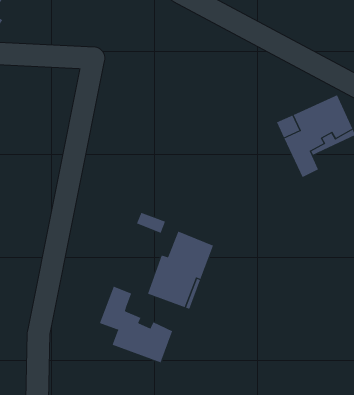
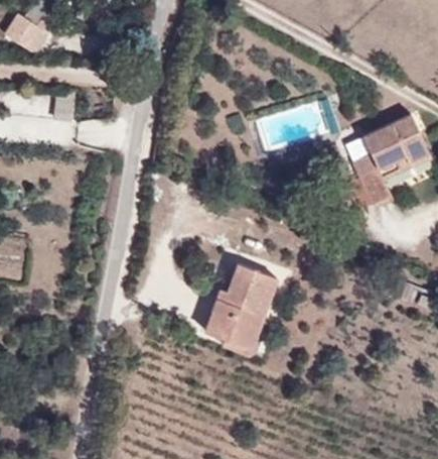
building: [99,286,173,363] -> none

